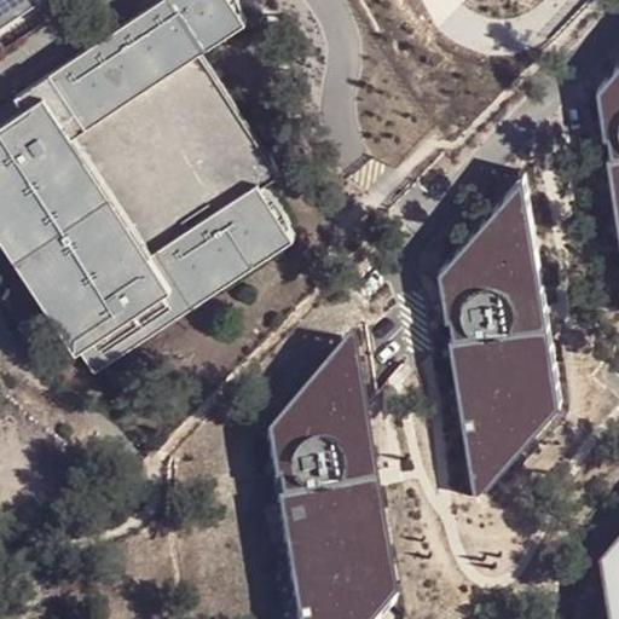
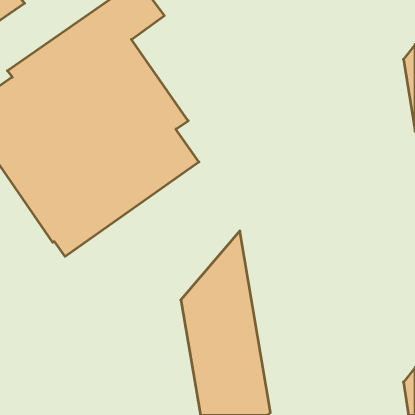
building: [439,170,562,498] -> none

